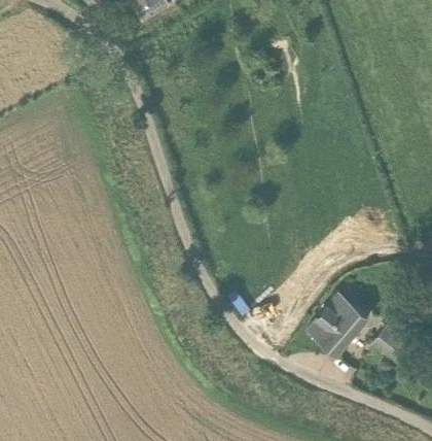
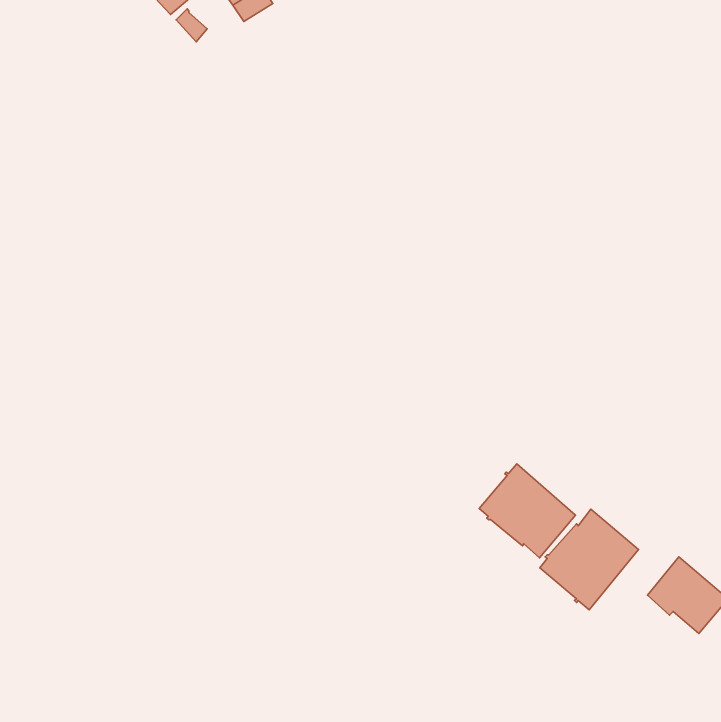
building: none -> [479,464,576,558]

